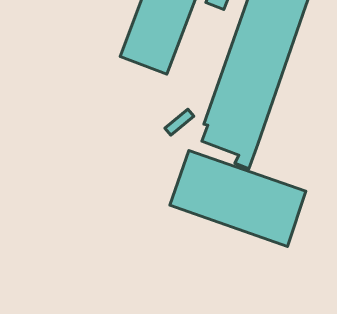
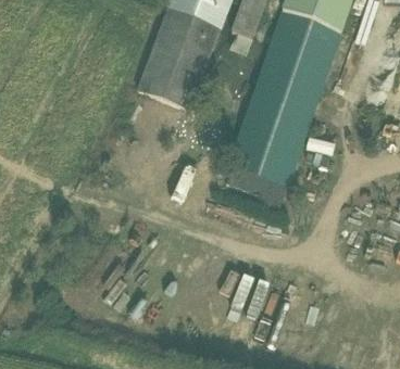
building: [170,150,306,247] -> none

